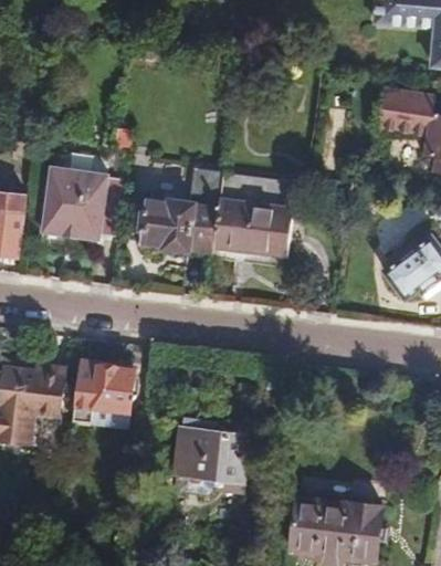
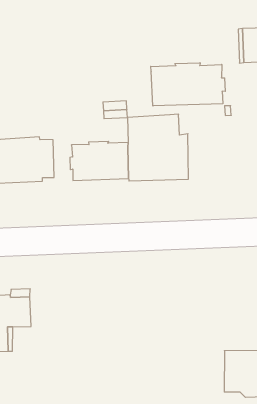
building: none -> [151,63,225,106]
building: [71,364,133,423] -> none
building: [174,417,249,482] -> none

